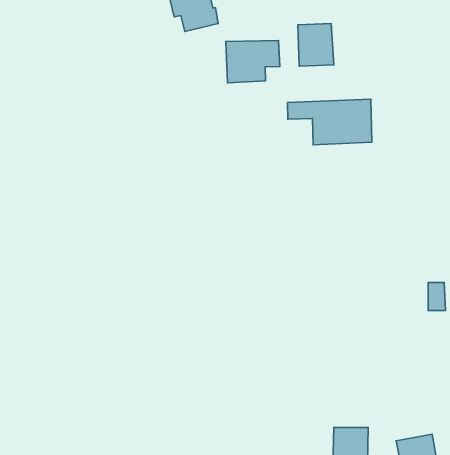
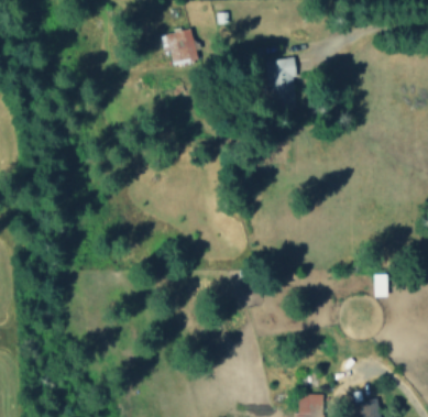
building: [226,40,280,83] -> none
building: [288,99,372,145] -> none

